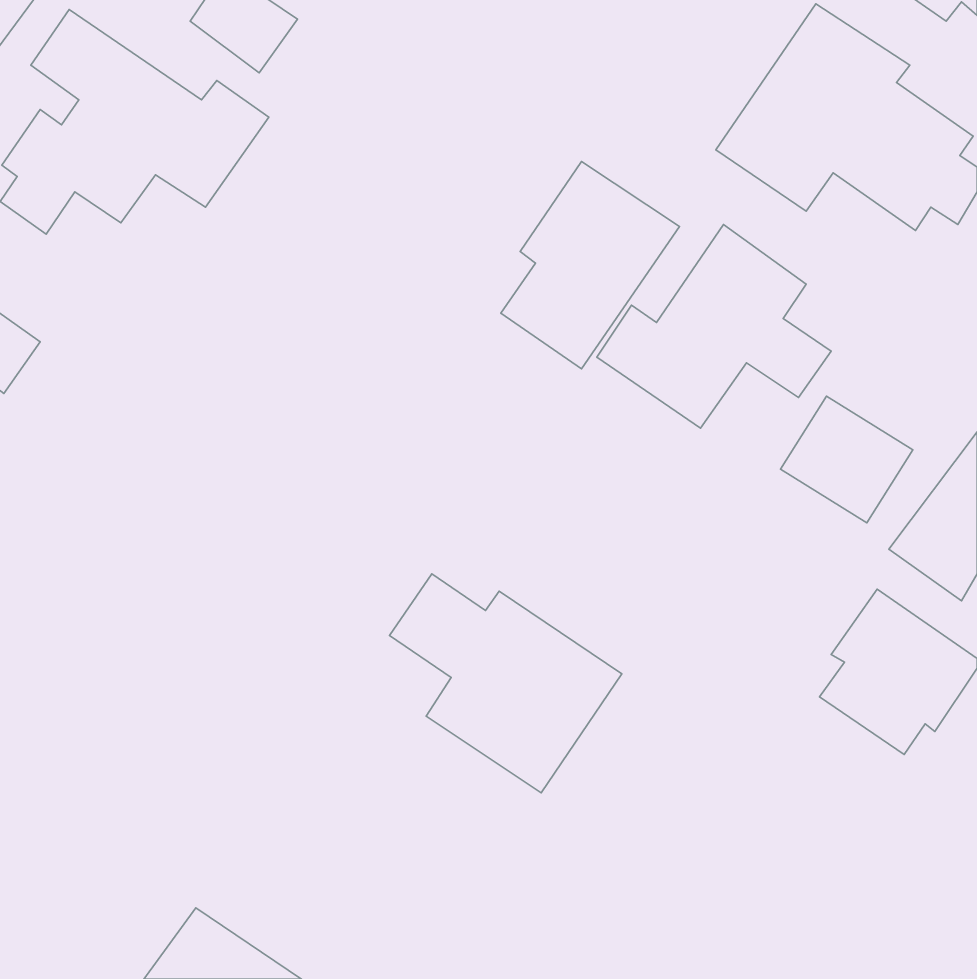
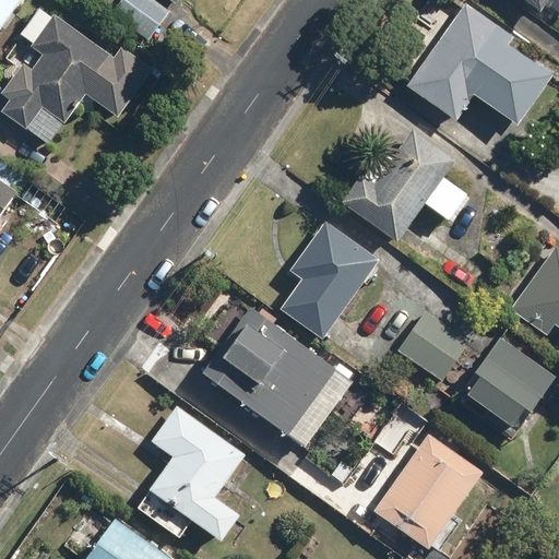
building: [501,161,679,369] -> [277,221,379,338]
building: [780,396,913,523] -> [395,308,471,380]
building: none -> [146,405,245,543]
building: none -> [372,429,483,548]

